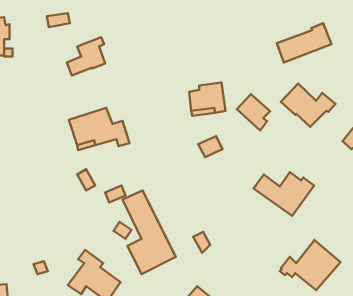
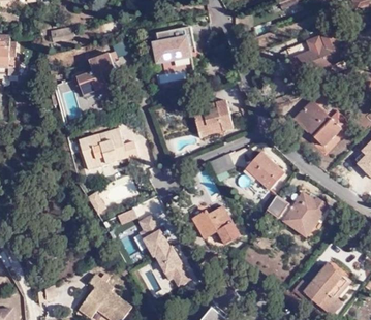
building: none -> [158,27,194,65]
building: [237,94,270,130] -> [247,153,281,190]
building: none -> [191,207,236,239]

